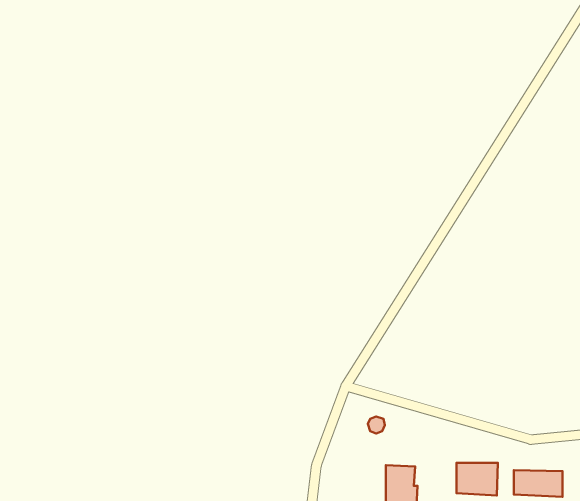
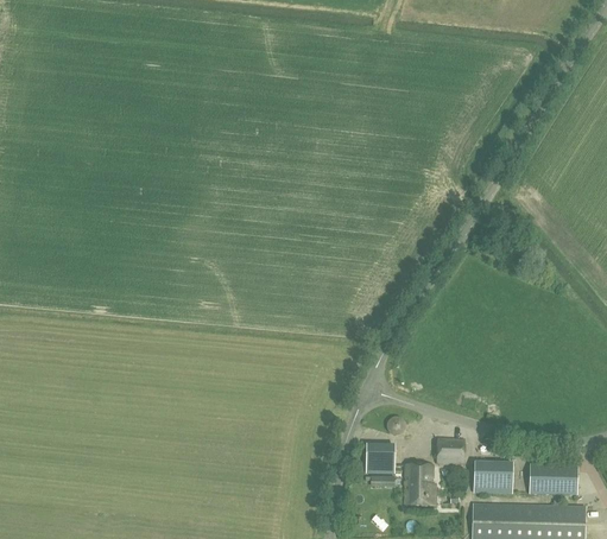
building: none -> [436,436,463,463]
building: none -> [365,448,393,471]

